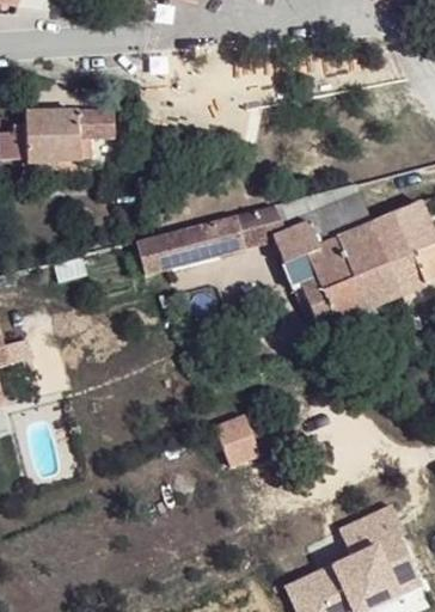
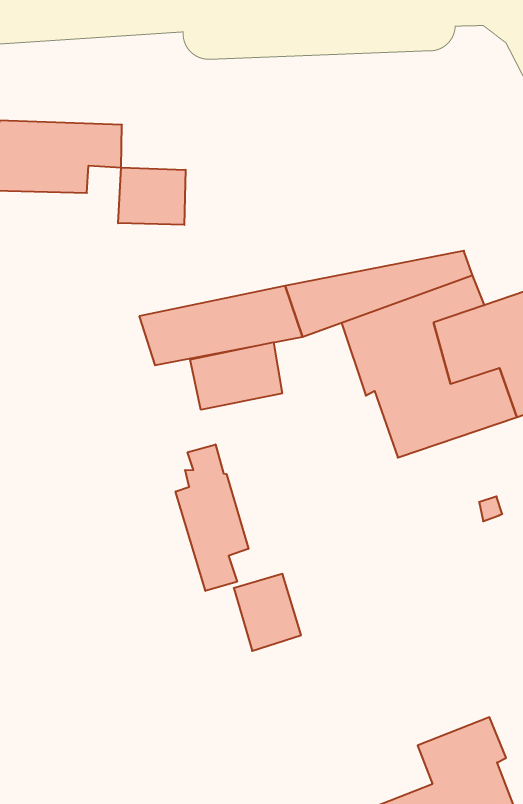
building: none -> [118,168,186,225]
building: none -> [190,342,282,410]
building: none -> [176,444,248,591]

